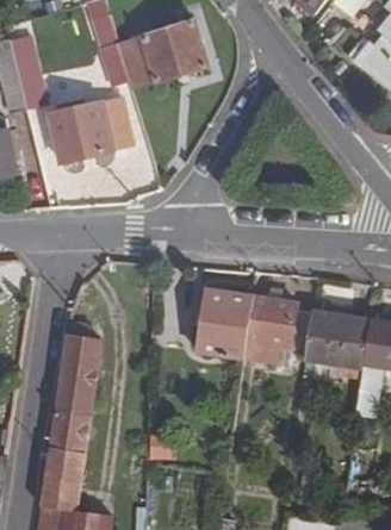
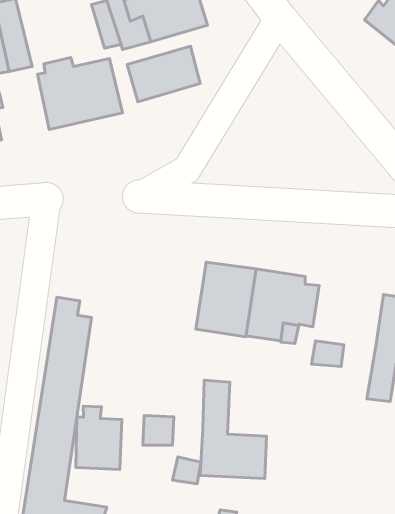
building: none -> [127,46,200,102]
building: [304,310,371,366] -> none
building: none -> [200,380,266,479]
building: none -> [76,406,122,470]

